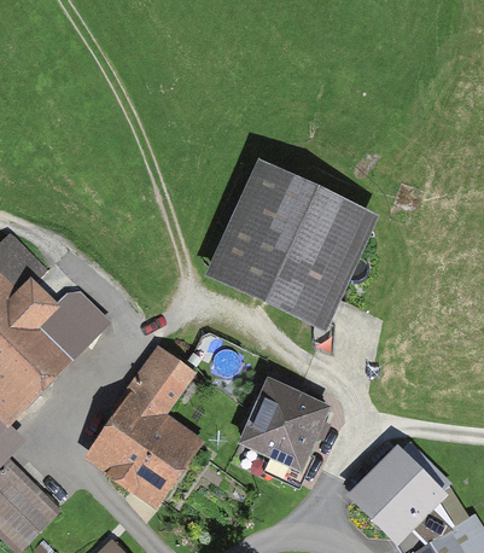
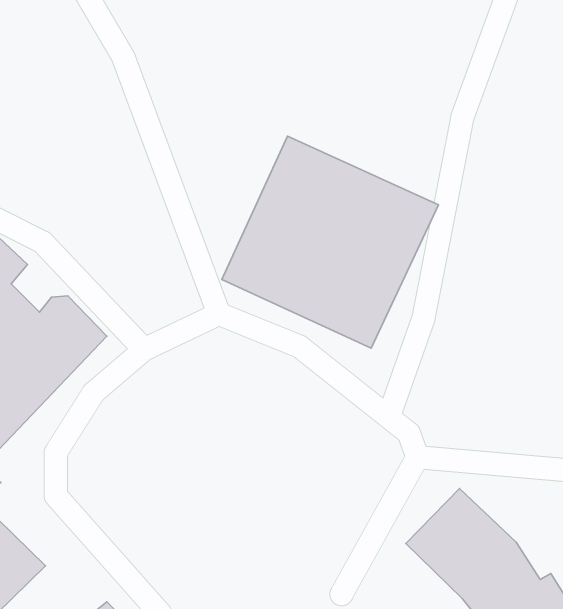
building: [82,342,204,508] -> none
building: [237,376,331,488] -> none

